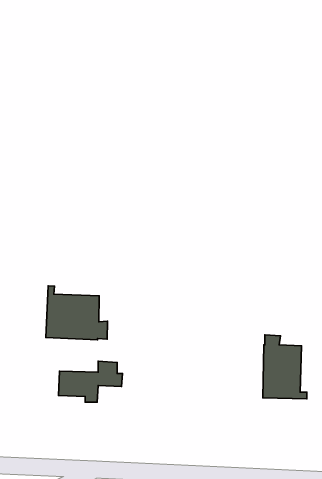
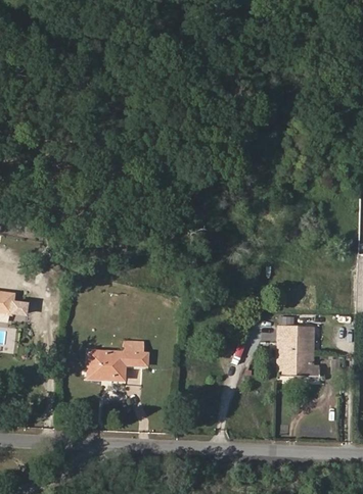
building: [46,286,107,340] -> none

